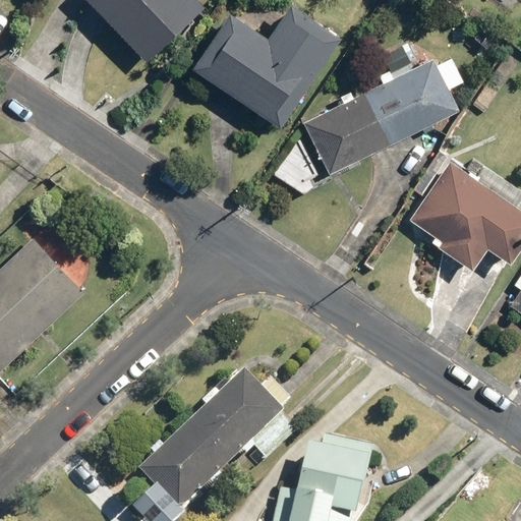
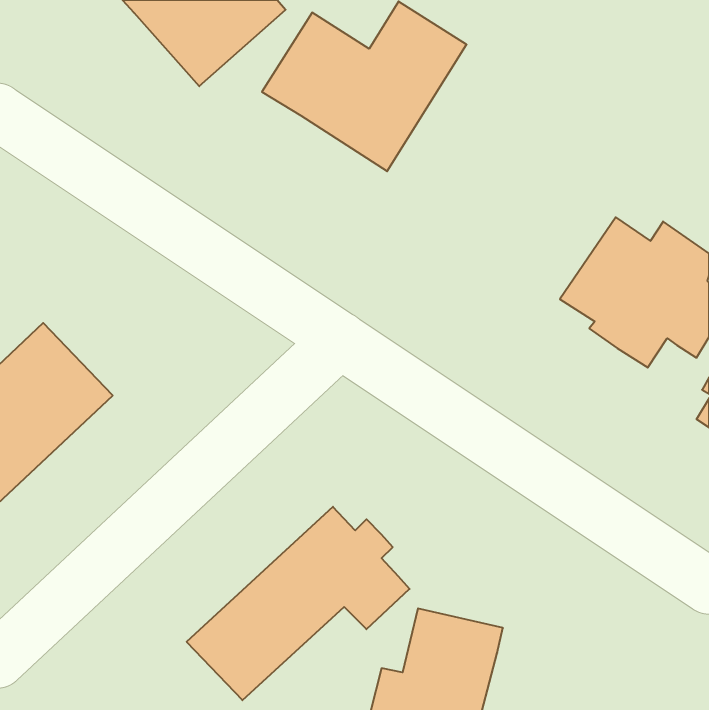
building: [302,56,460,177] -> none

